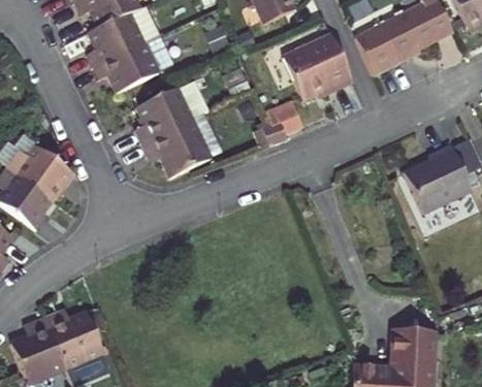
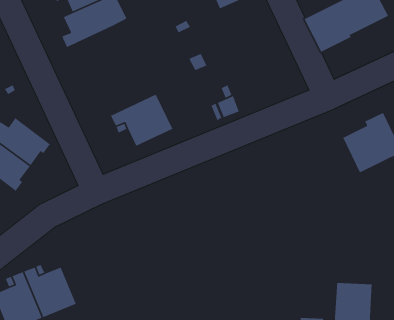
building: [283,34,353,100] -> none
building: [93,42,159,93] -> none
building: [135,87,193,142] -> none

